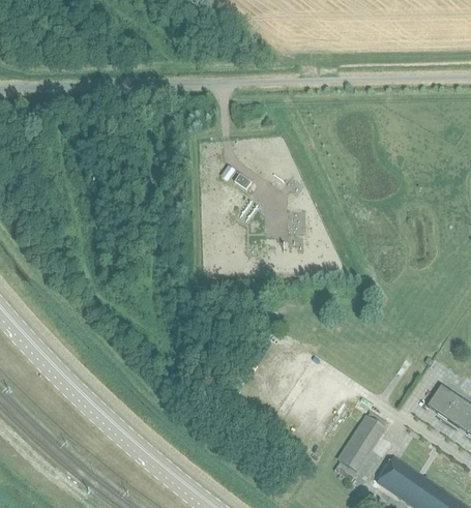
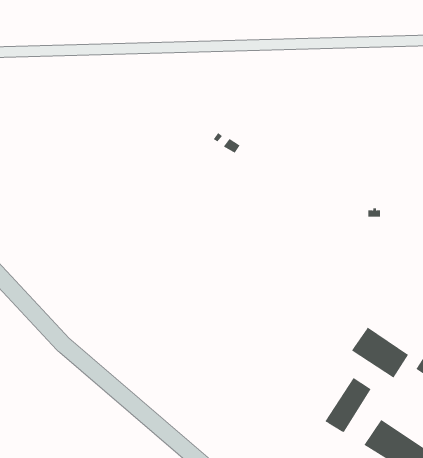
building: none -> [351,326,409,379]

